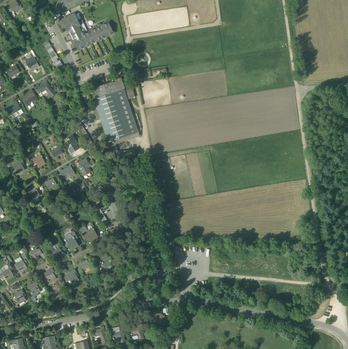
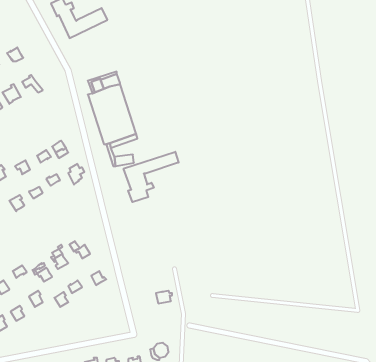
building: none -> [124,152,179,202]

